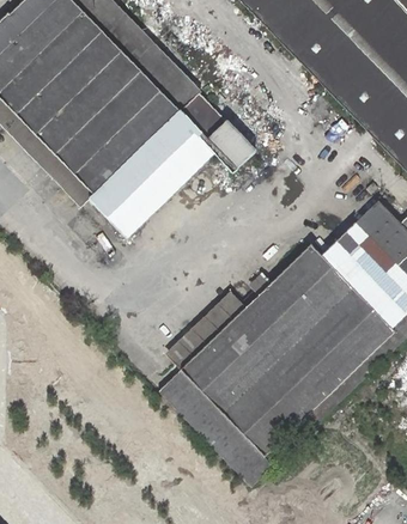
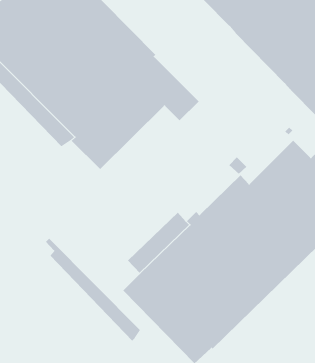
building: none -> [45,238,141,341]

